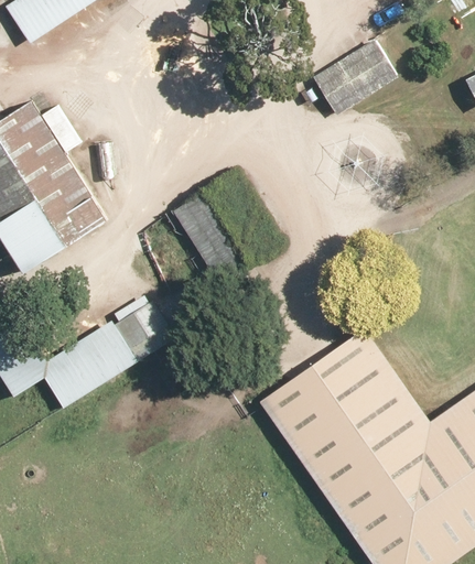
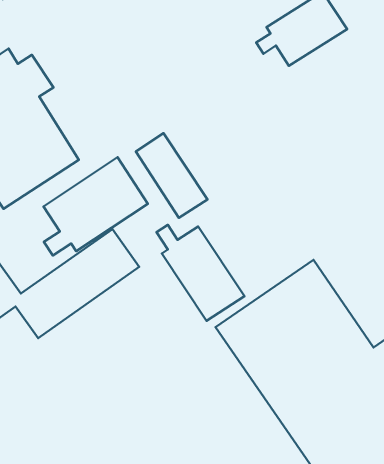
building: none -> [44,157,148,255]
building: none -> [157,225,244,321]

